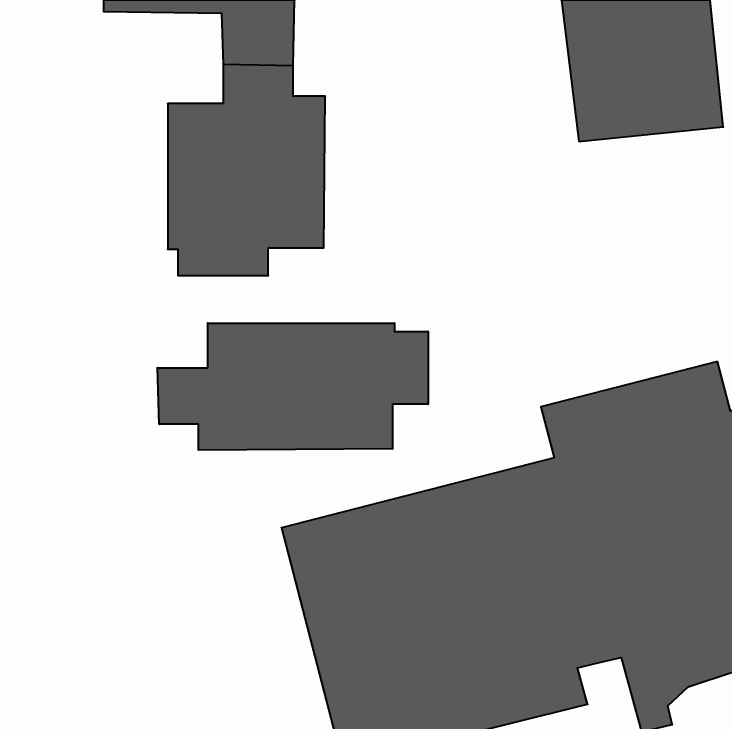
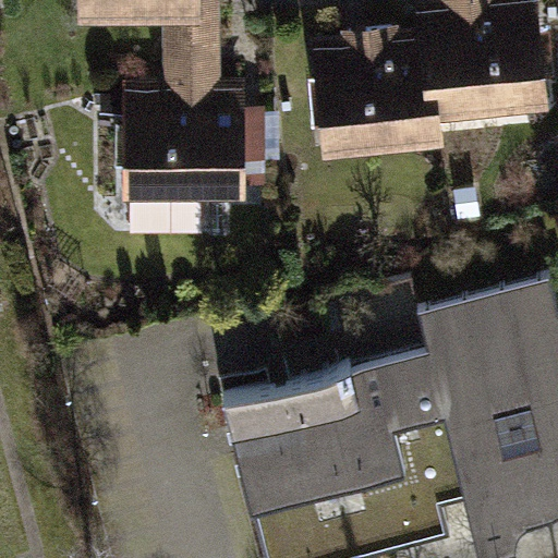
building: none -> [324,35,446,154]
building: [157,323,428,450] -> none

